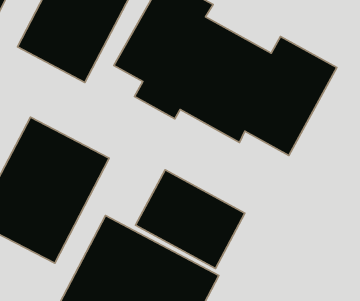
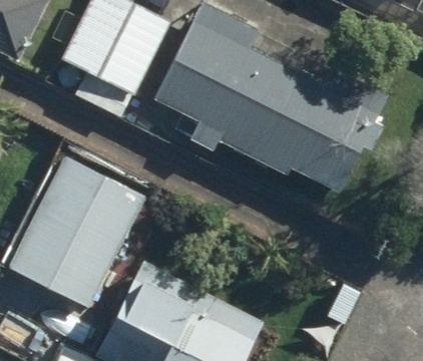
building: [136,170,245,268] -> none

